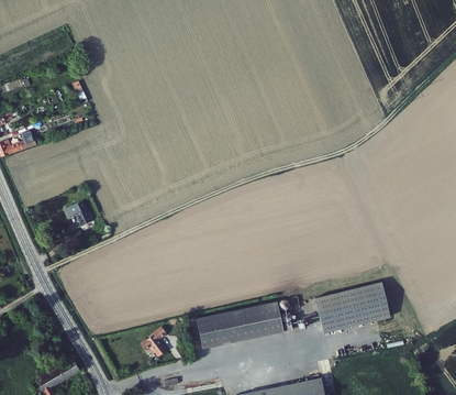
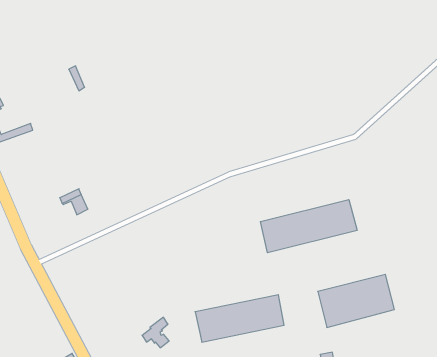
building: none -> [260,200,357,253]

